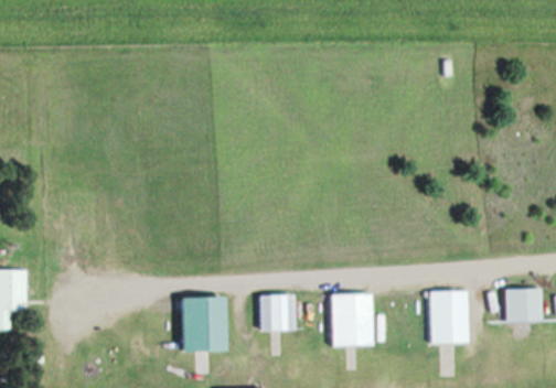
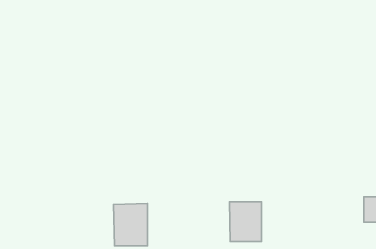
building: [429,290,469,344] -> none
building: [260,294,295,331] -> none

